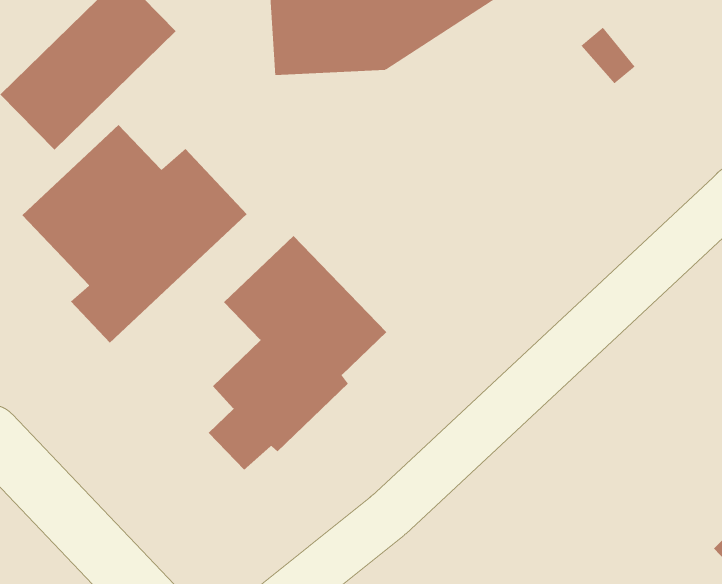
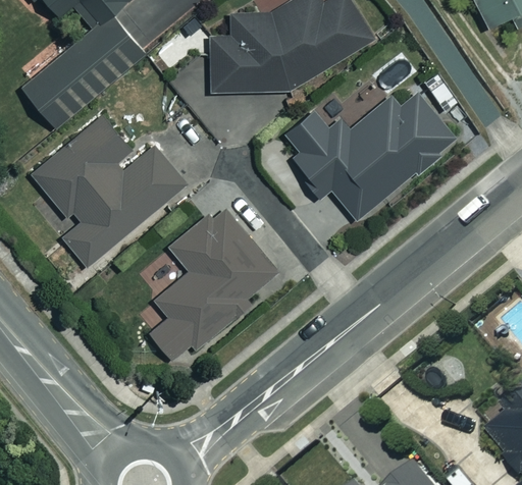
building: none -> [283,90,457,219]

